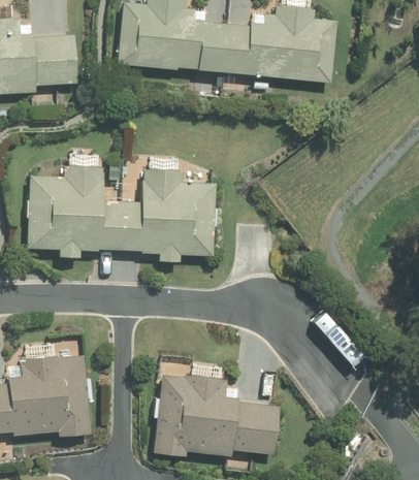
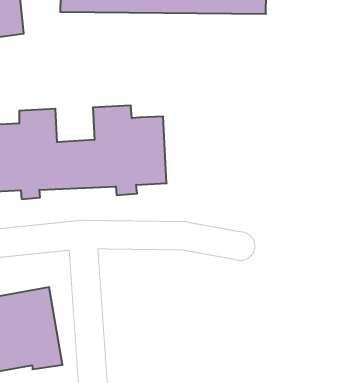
building: [153,375,281,456] -> none

